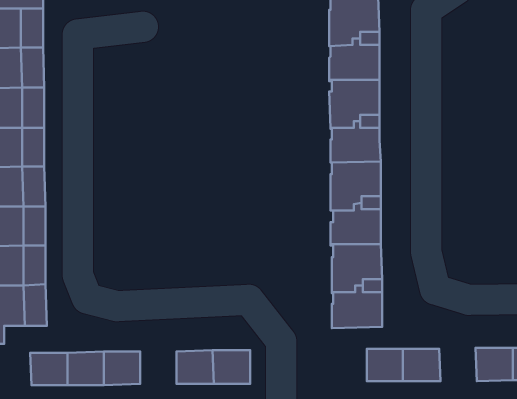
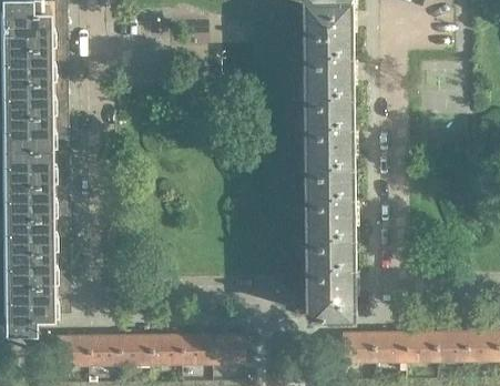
building: none -> [401,334,433,363]
building: none -> [145,337,176,365]

